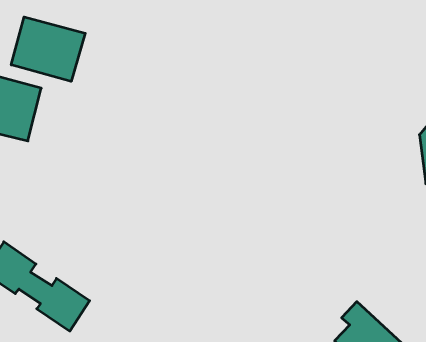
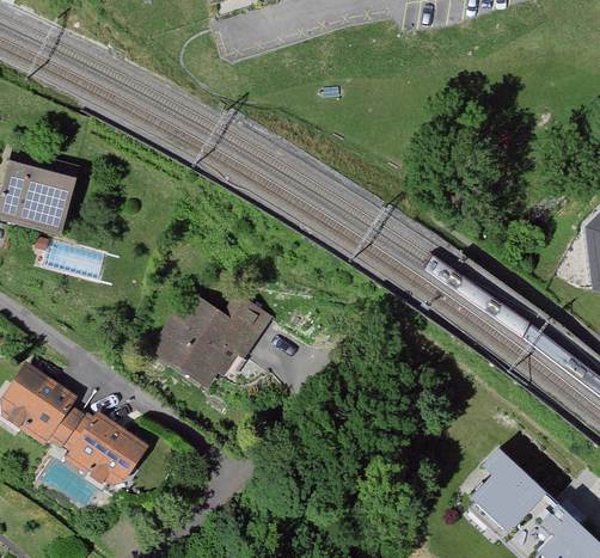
building: [11,17,85,81] -> none
building: none -> [149,289,271,387]

